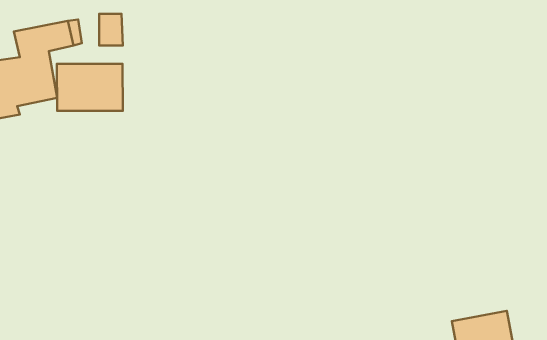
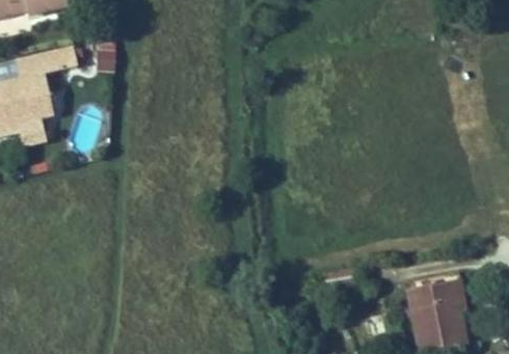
building: [57,64,123,111] -> none
building: none -> [403,280,456,315]

